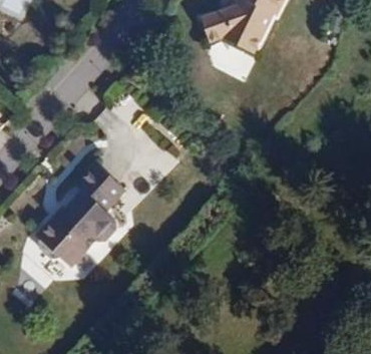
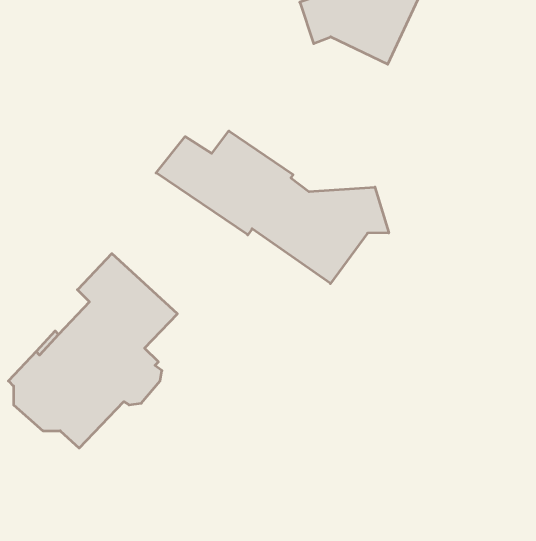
building: none -> [156,131,389,284]

